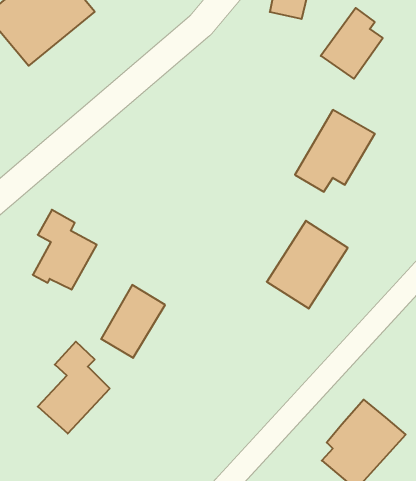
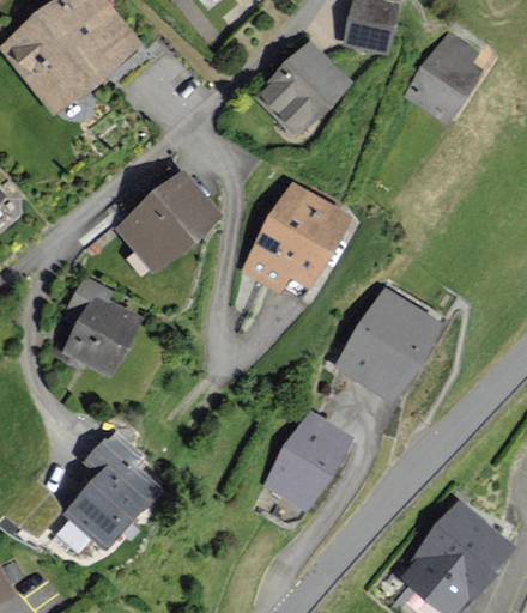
building: none -> [262,47,347,131]
building: [295,110,375,192] -> [248,189,344,287]
building: none -> [120,176,217,269]
building: [101,285,165,358] -> [272,415,349,503]

